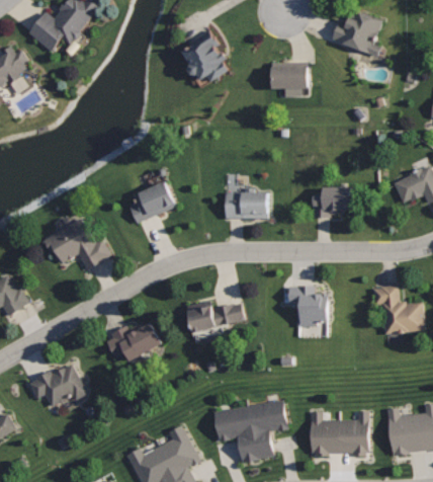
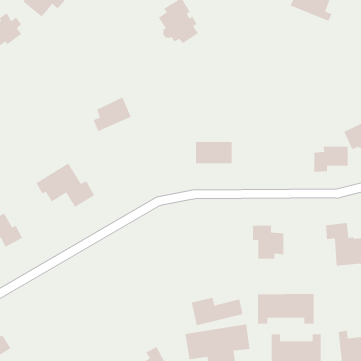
building: [271,62,309,97] -> none
building: [129,181,174,222] -> [92,97,132,132]
building: [313,187,352,218] -> [314,146,348,173]
building: [186,300,246,333] -> [191,297,243,326]
building: [105,323,161,361] -> none
building: [28,364,87,407] -> none
building: none -> [257,293,315,325]

